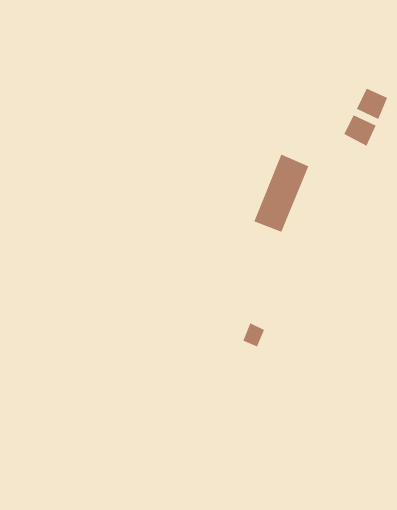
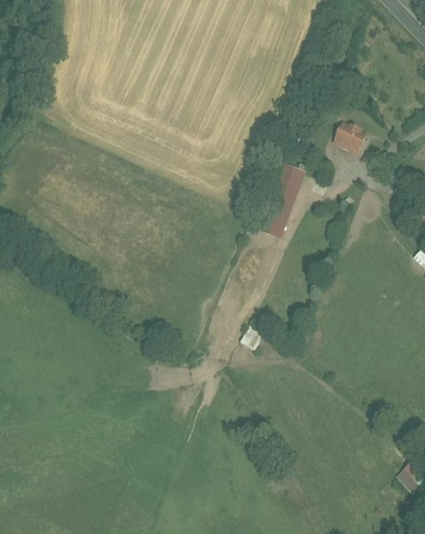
building: [356,88,388,120] -> none

